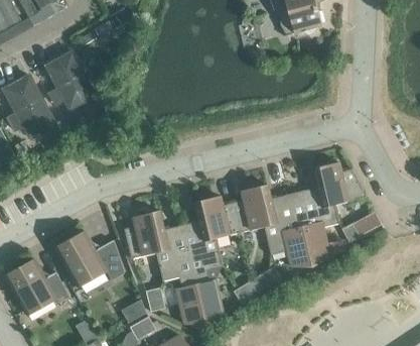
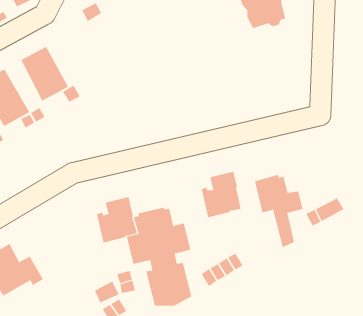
building: [313,162,367,207] -> none
building: [263,195,317,267] -> none
building: [194,196,240,241] -> none
building: [55,231,124,287] -> none

